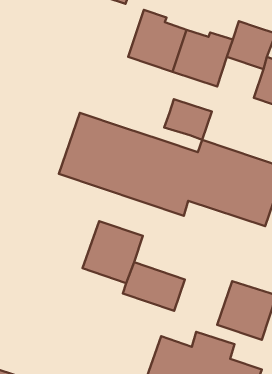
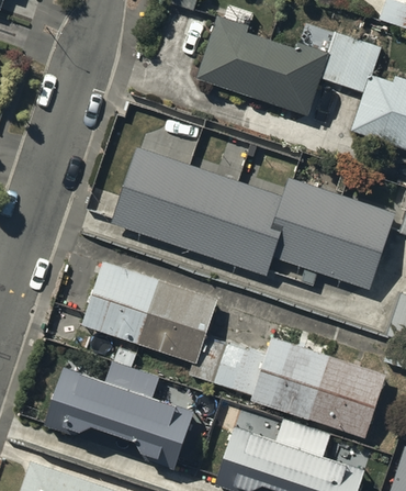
building: [164,99,212,140] -> none
building: none -> [86,264,160,342]
building: none -> [255,339,327,413]
building: none -> [46,361,192,466]

